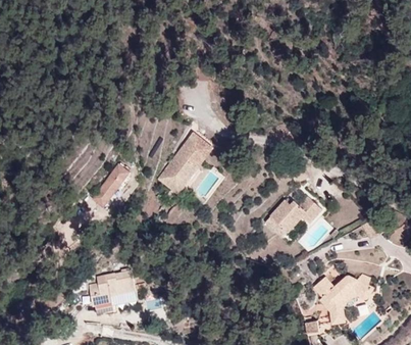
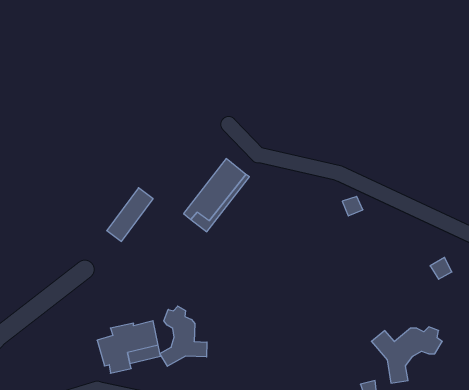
building: [265,195,321,236] -> none
building: none -> [160,306,207,366]

